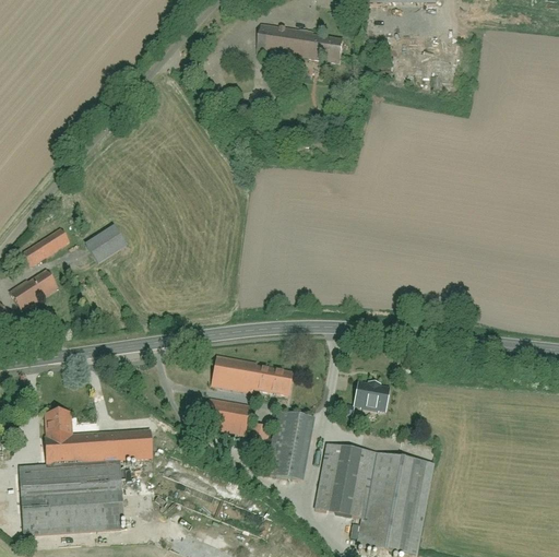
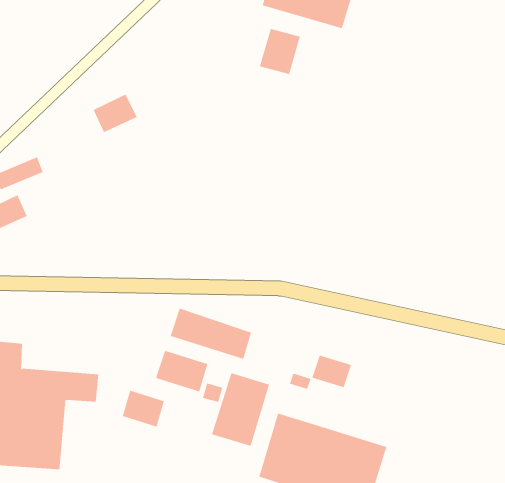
building: none -> [259,28,301,75]
building: [85,222,129,262] -> [93,94,137,133]
building: none -> [122,390,165,427]

